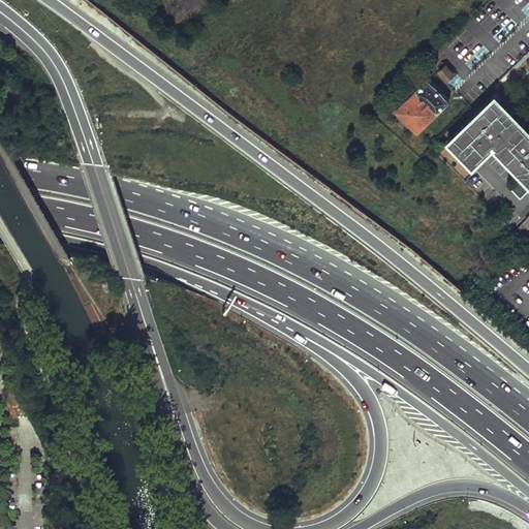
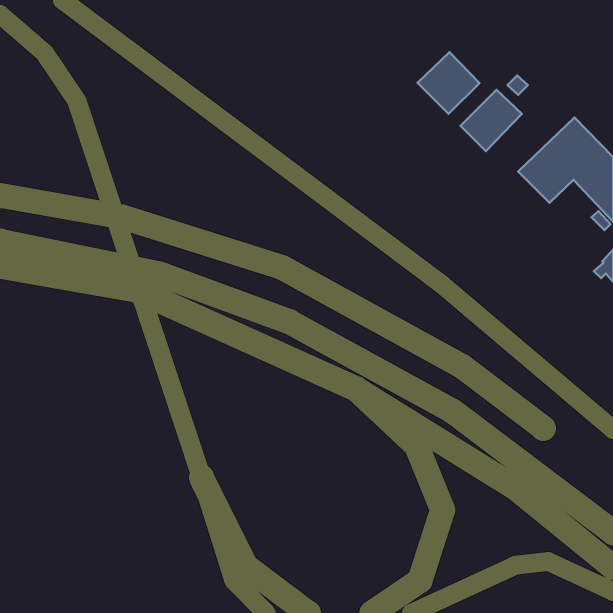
building: none -> [418,52,479,114]

